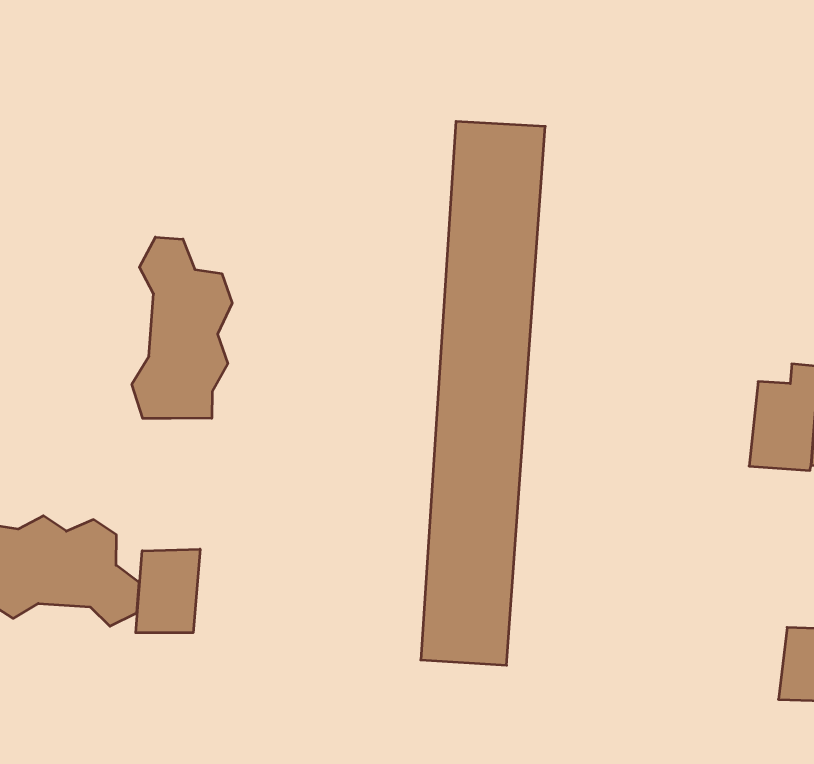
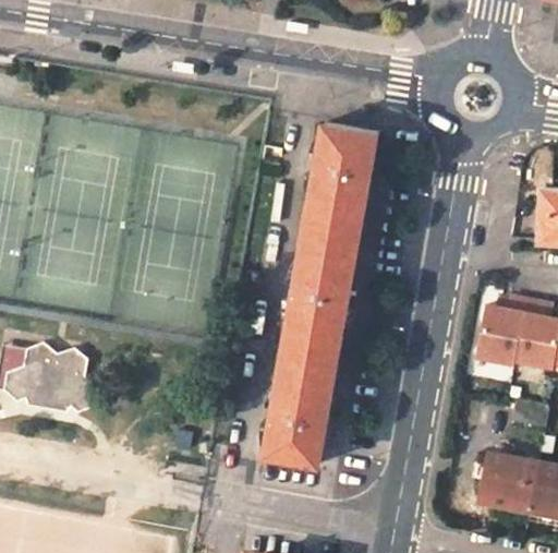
building: [132,237,232,418] -> none
building: [136,549,200,633] -> none

